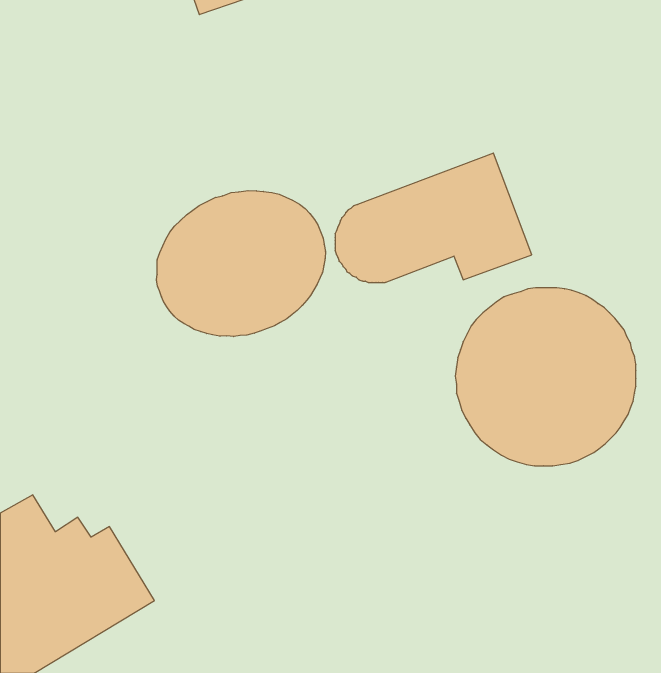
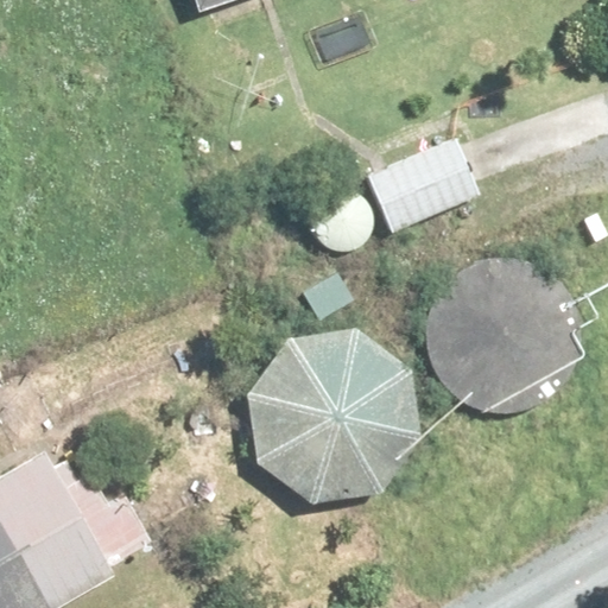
building: [157,191,325,337] -> none
building: none -> [242,327,419,504]

